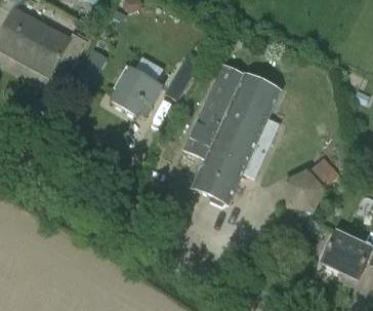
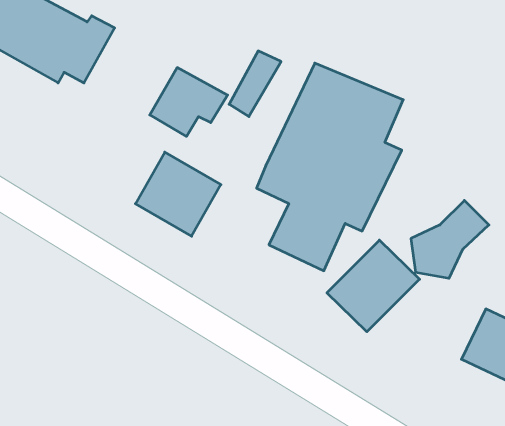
building: none -> [135,152,221,236]
building: none -> [327,240,420,332]

